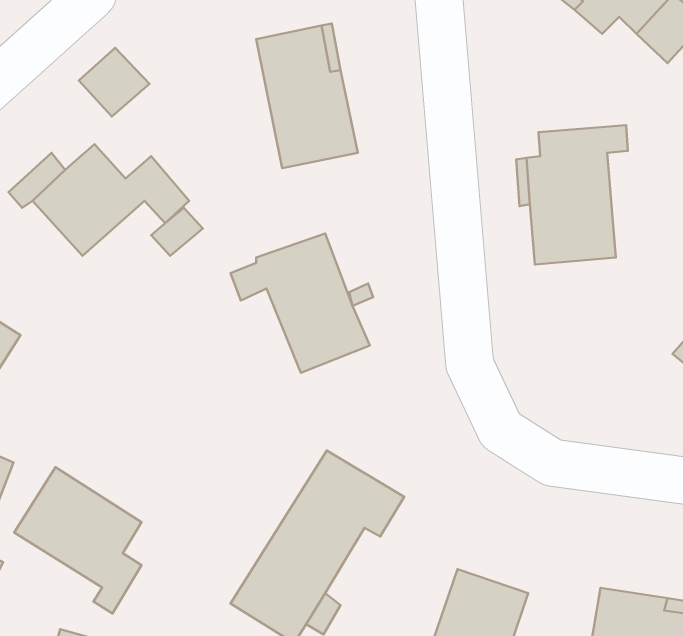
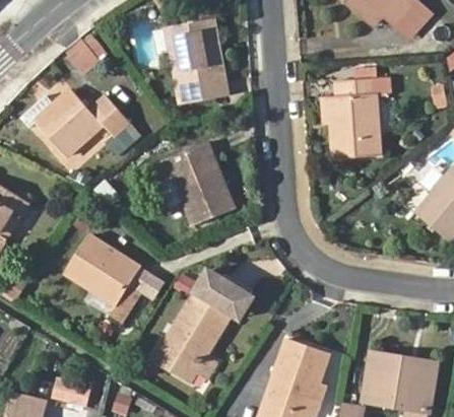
building: [14,467,142,613] -> [66,233,141,320]

